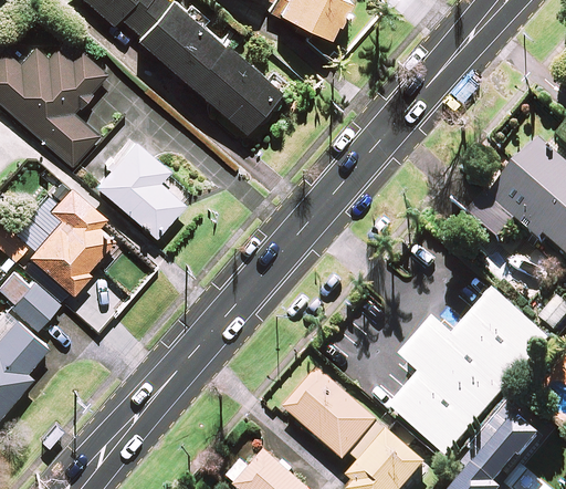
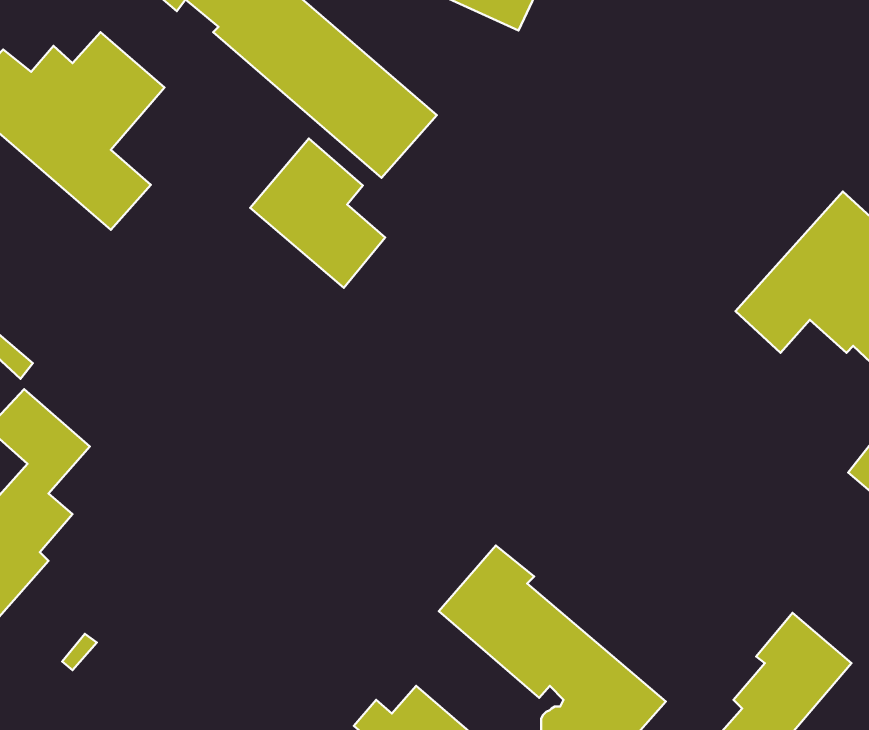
building: [96,141,182,236] -> [250,139,385,288]
building: [30,189,113,294] -> none
building: [384,292,547,462] -> none

